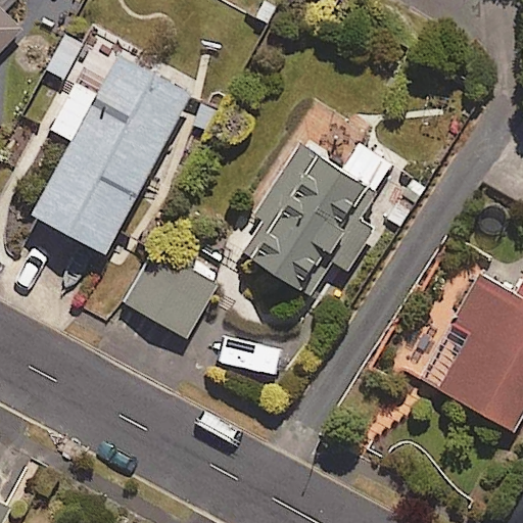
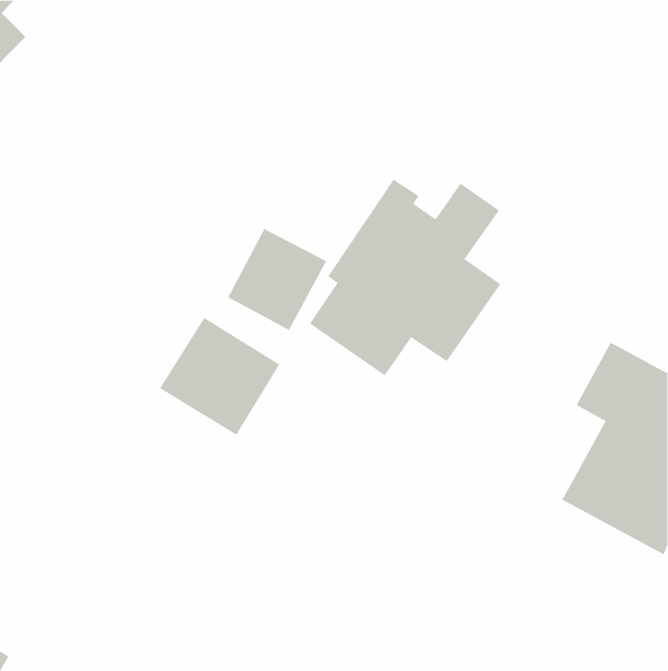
building: [32,55,192,255] -> none
building: none -> [228,228,327,331]

